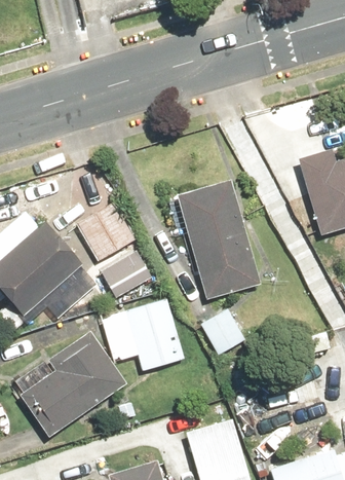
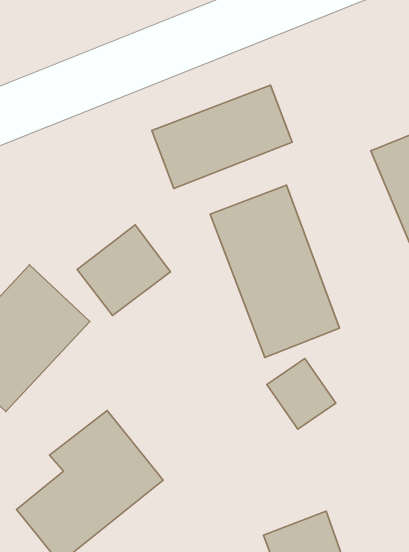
building: none -> [152,85,292,188]
building: [108,249,160,298] -> none
building: [110,300,191,370] -> none

